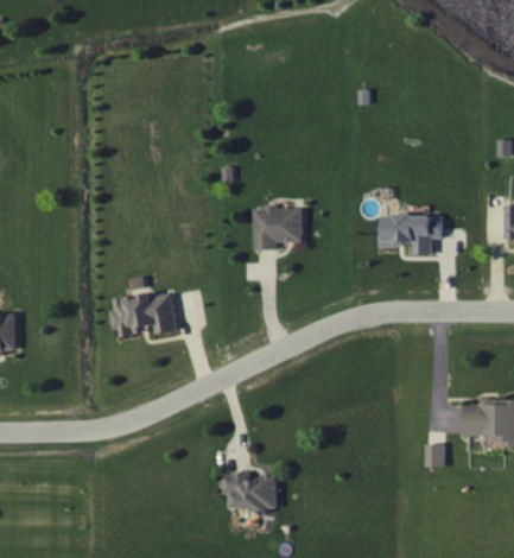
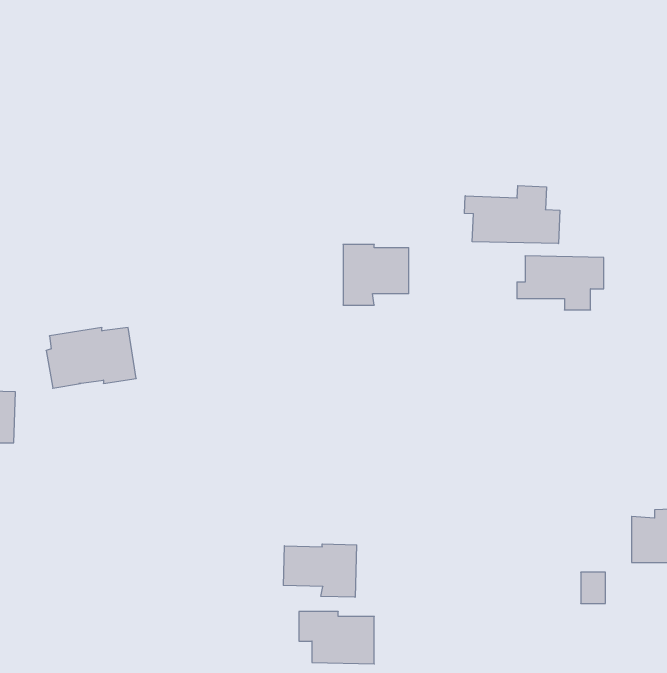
building: none -> [464,186,560,244]
building: [112,292,177,336] -> [46,328,136,388]
building: none -> [283,544,357,597]

